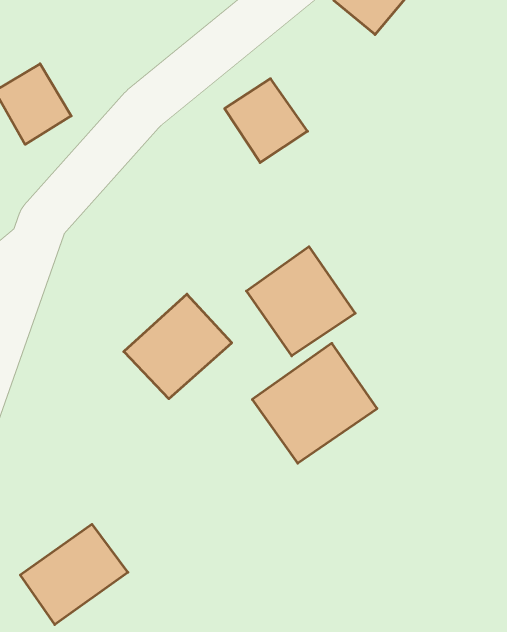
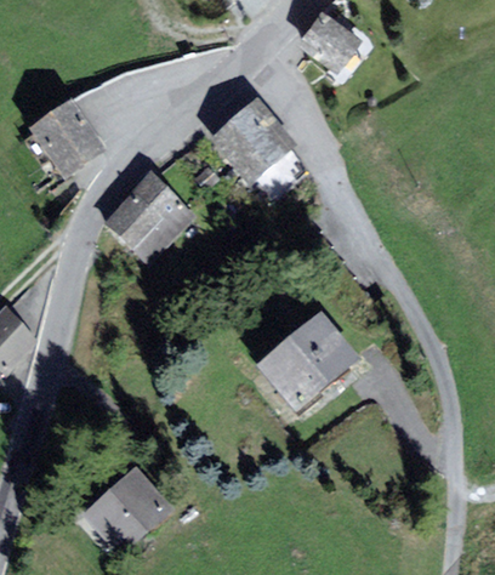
building: [246,247,355,356] -> none
building: [124,294,232,399] -> [107,175,193,260]

